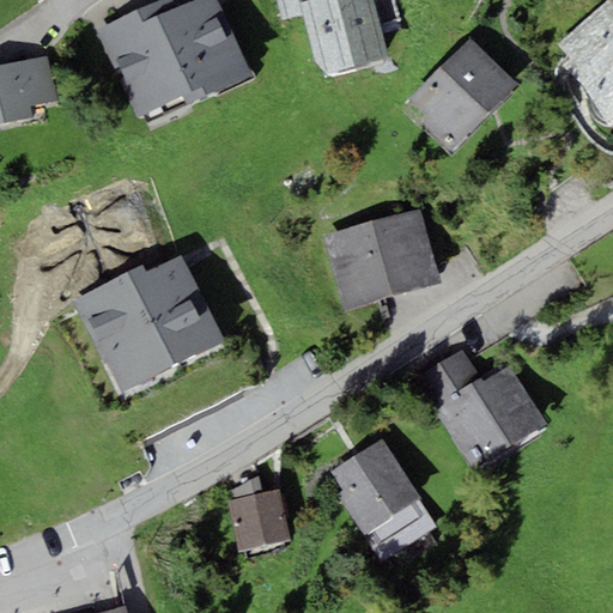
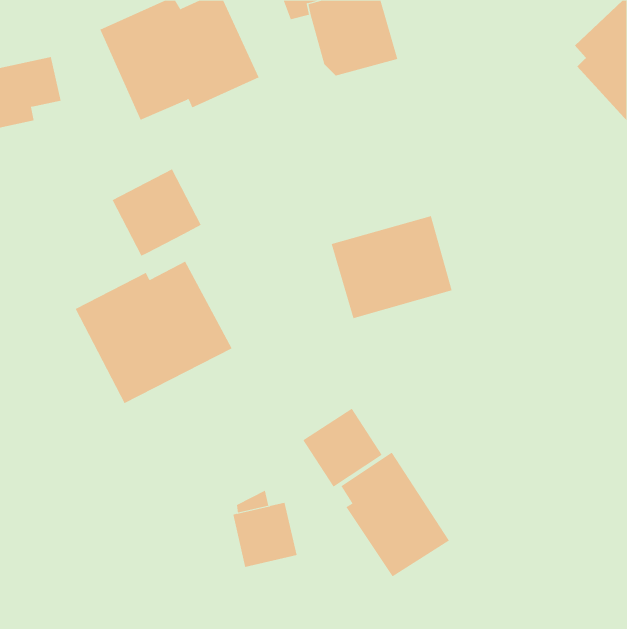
building: [408,36,518,150] -> none
building: none -> [112,168,202,257]
building: [414,348,547,472] -> none
building: none -> [303,408,383,487]

